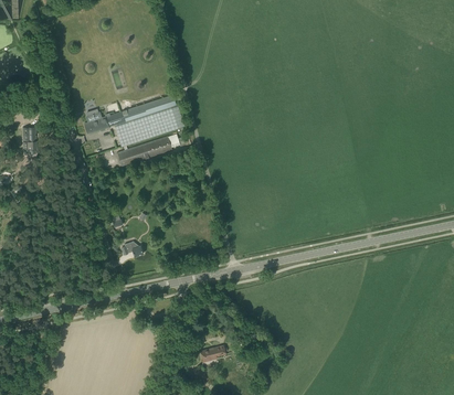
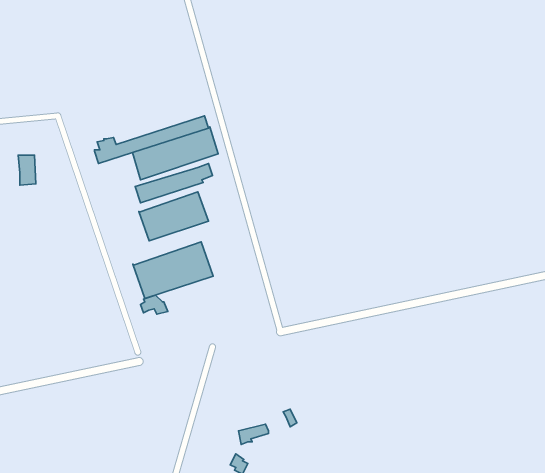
building: none -> [139,192,208,241]
building: none -> [133,242,213,299]

